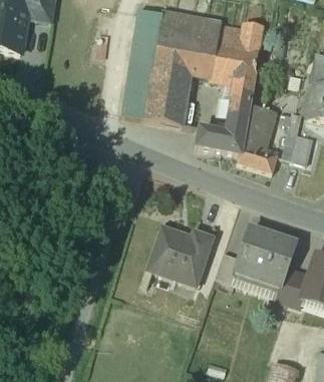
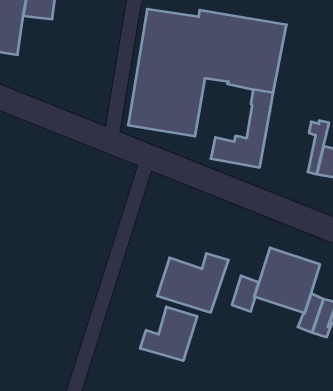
building: [239,103,278,171] -> none
building: none -> [140,307,197,361]

